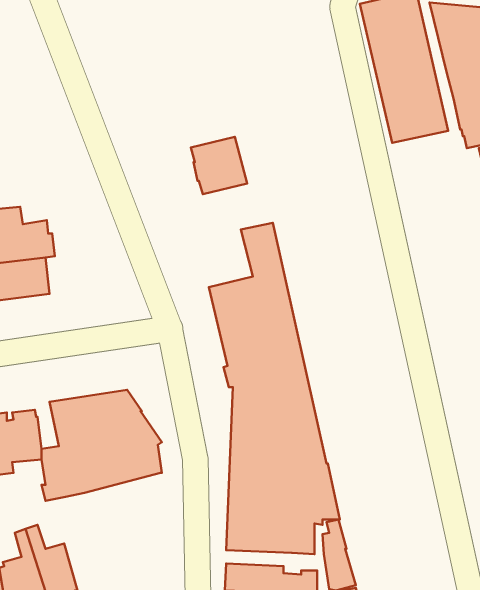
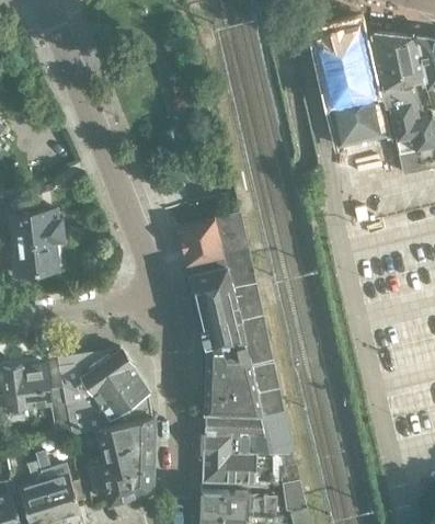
building: [191,137,247,194] -> [179,217,225,264]
building: none -> [87,417,153,503]

